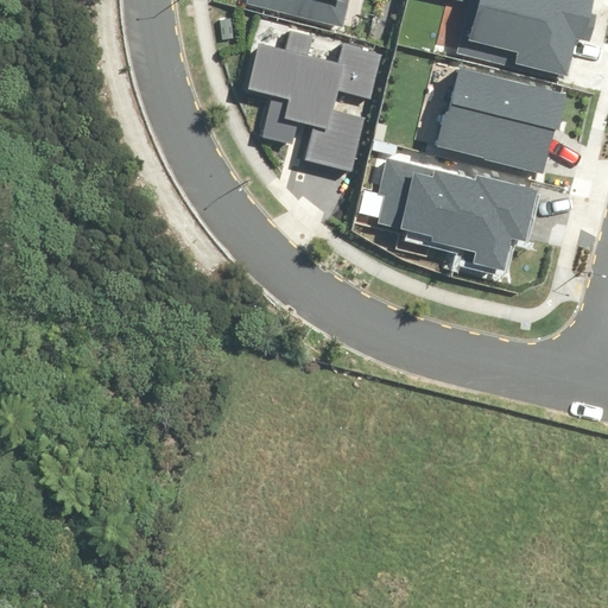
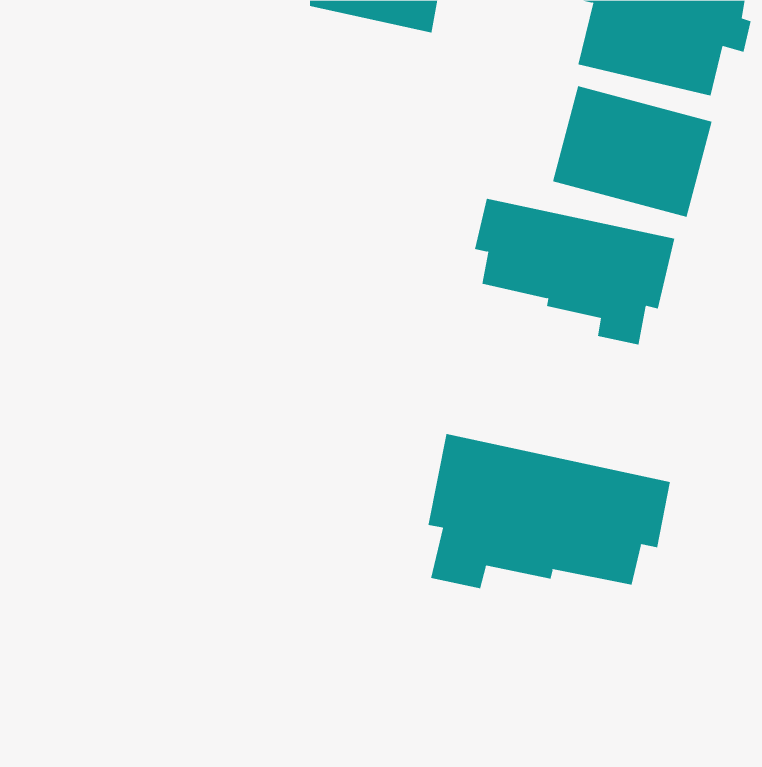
building: [251,33,382,176] -> none
building: none -> [428,433,671,589]

